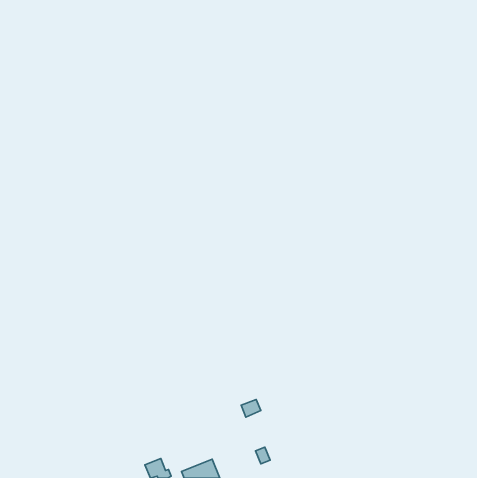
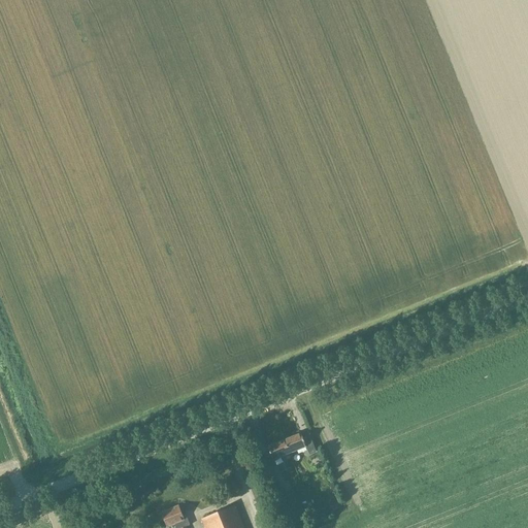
building: none -> [283,432,315,455]

